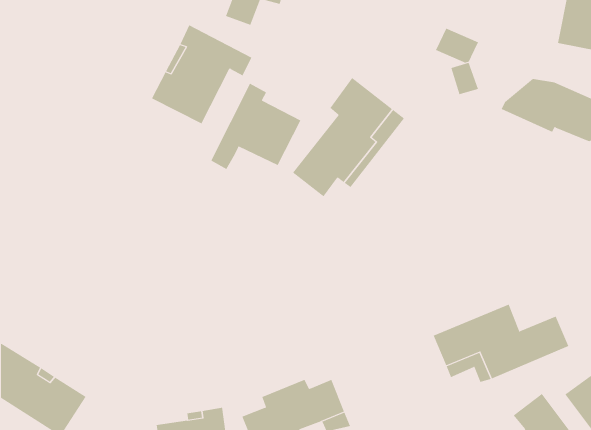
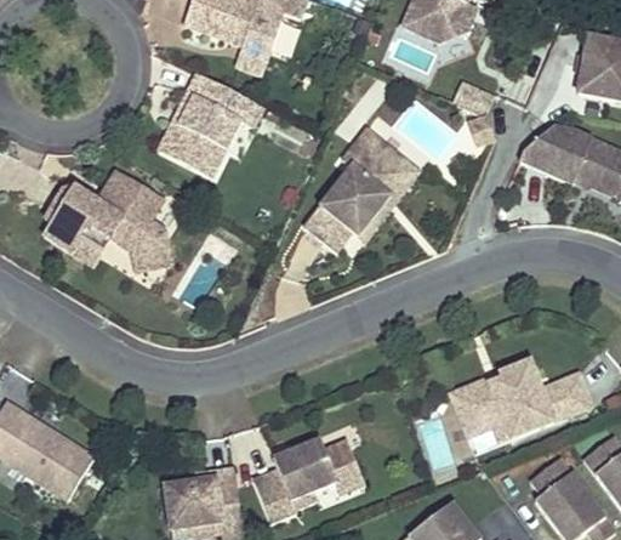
building: [211,83,301,170] -> none
building: none -> [40,171,167,272]

